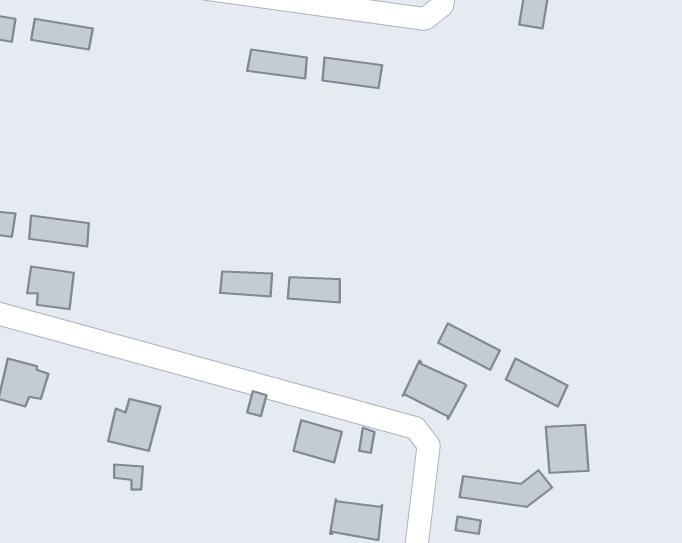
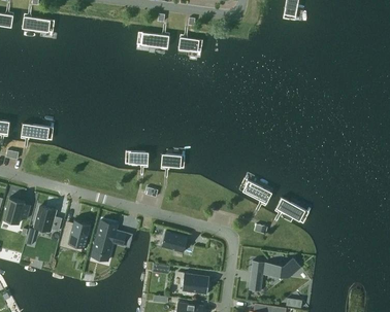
building: [27,267,74,309] -> none
building: [403,361,466,419] -> none
building: none -> [35,206,62,232]
building: none -> [92,220,126,261]
building: [546,425,589,473] -> none

